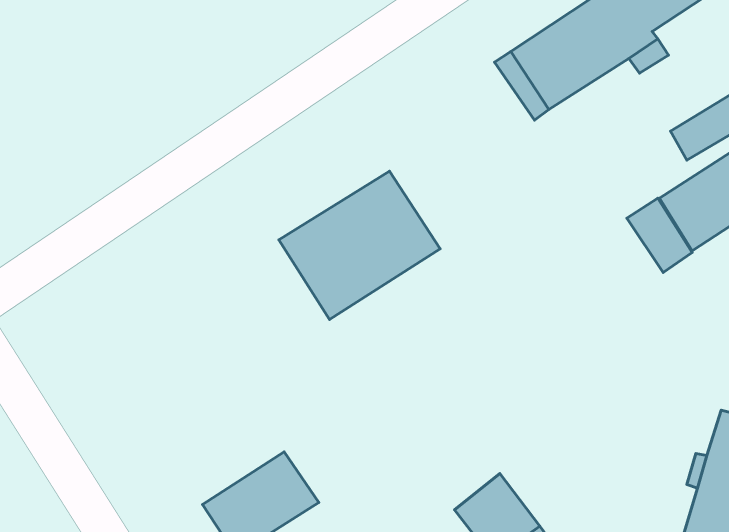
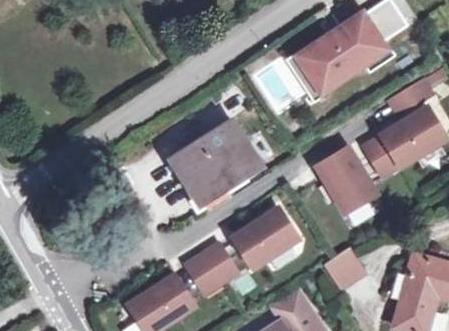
building: none -> [317,149,374,212]
building: none -> [233,209,297,267]
building: none -> [185,244,237,294]
building: none -> [324,249,364,286]

